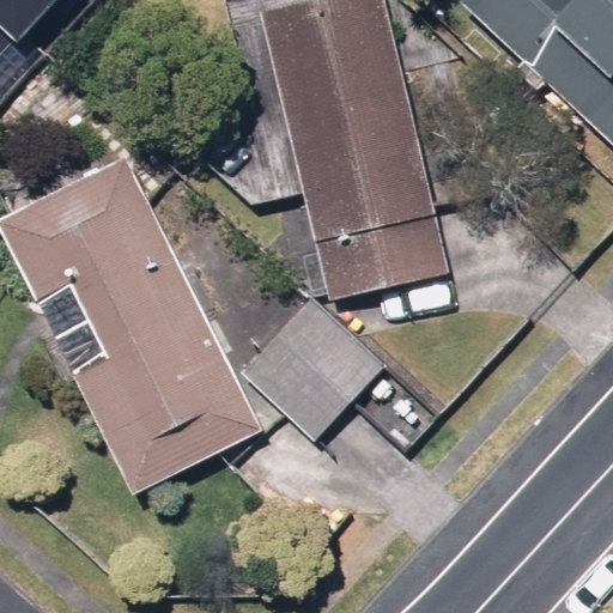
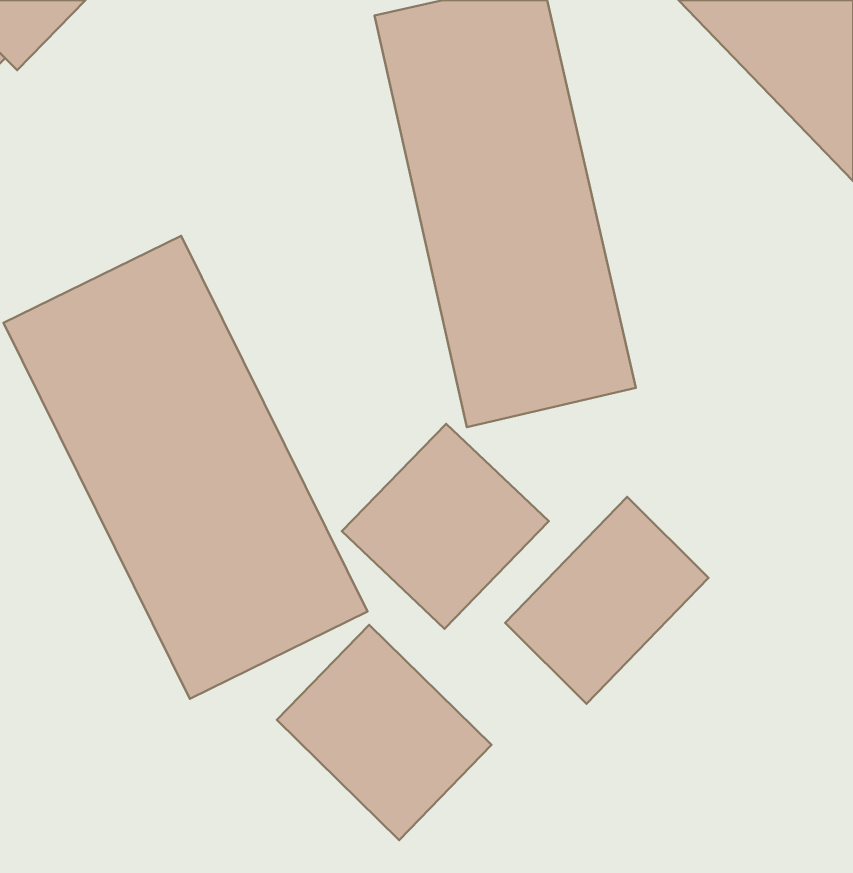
building: none -> [505,497,709,704]
building: none -> [277,625,492,840]

